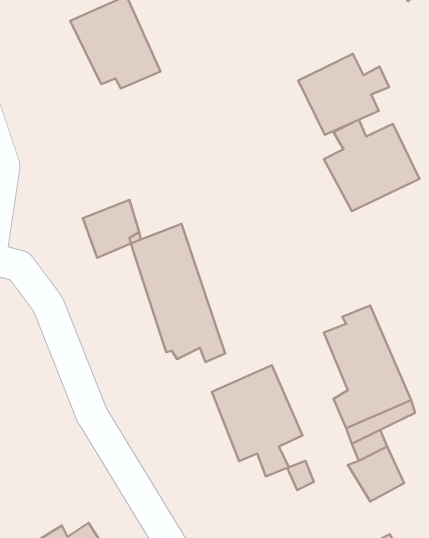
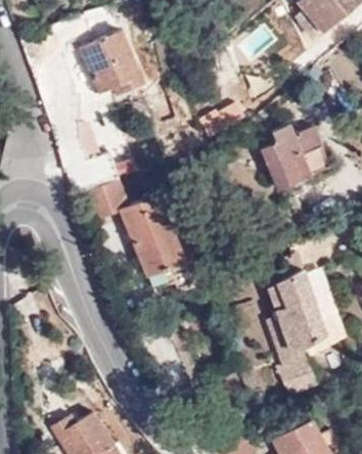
building: [298,54,389,135] -> none
building: [212,365,302,477] -> none

